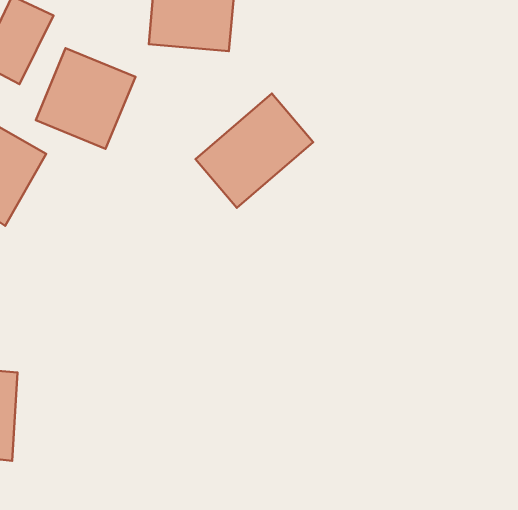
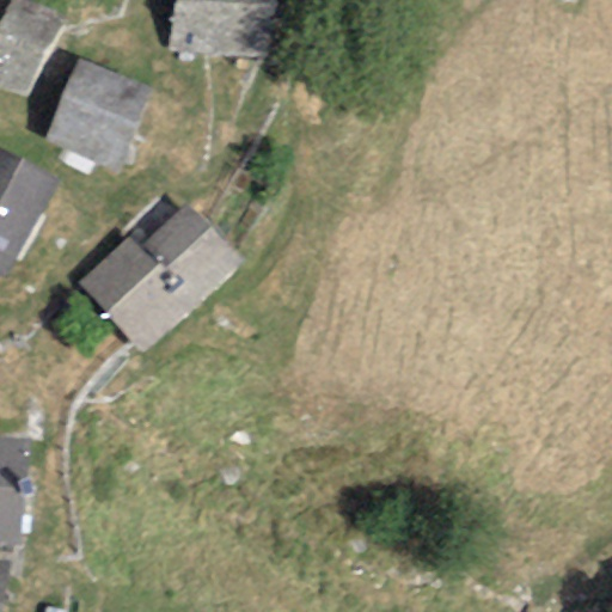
building: [195,93,313,208] -> none
building: none -> [72,198,240,351]

